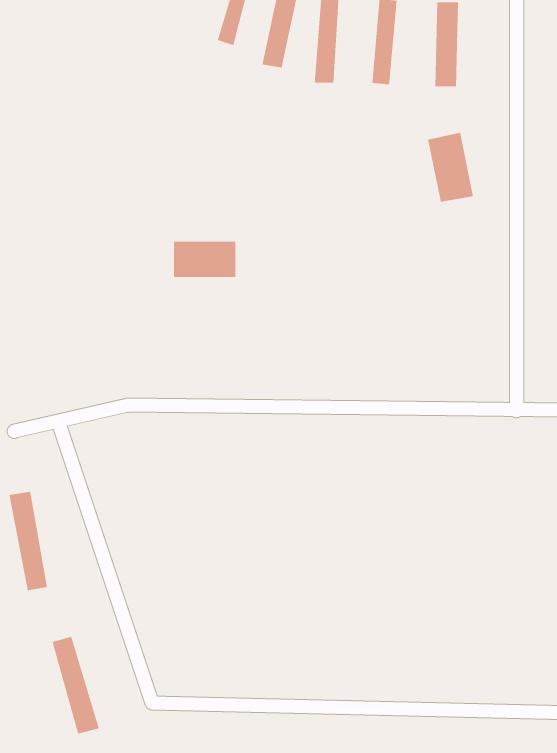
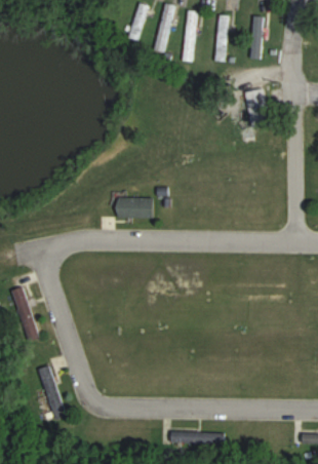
building: [173,241,236,278] -> [118,197,153,218]

